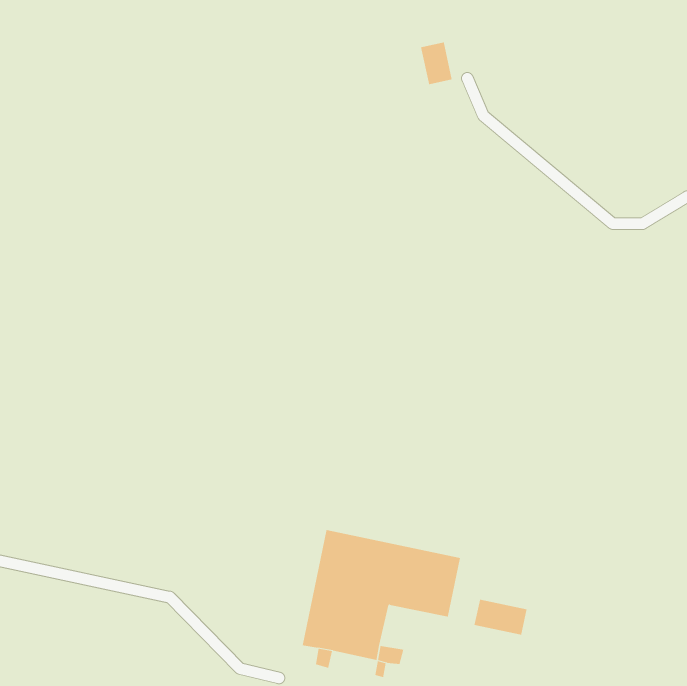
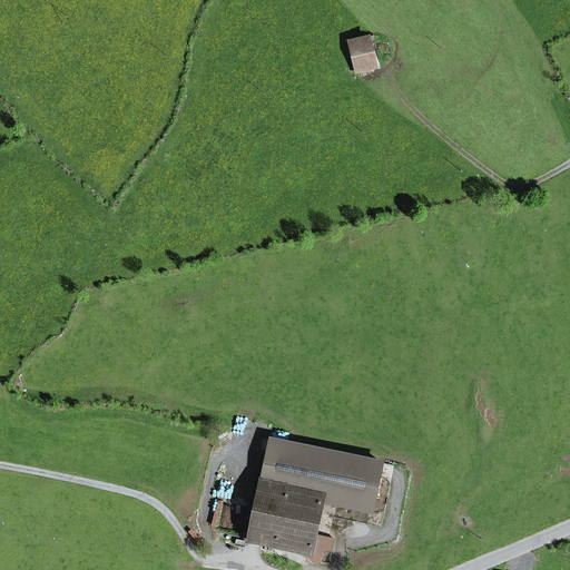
building: [474,599,527,636] -> none

